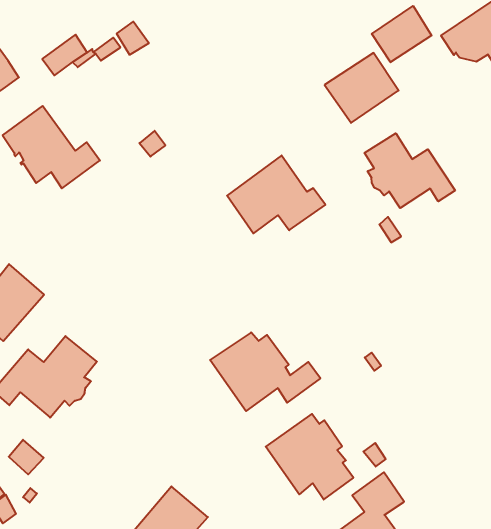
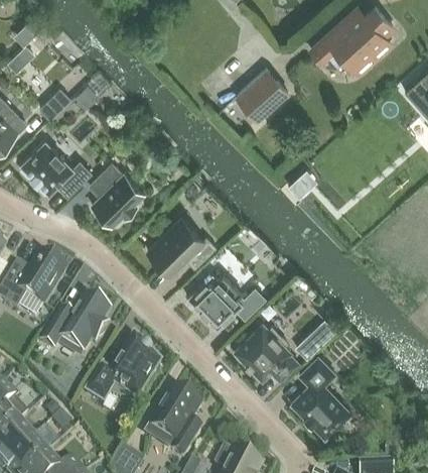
building: [372,6,432,62] -> none
building: [365,133,455,208] -> none
building: none -> [90,162,143,225]
building: [227,155,325,233] -> [147,217,216,273]
building: none -> [85,335,160,403]

